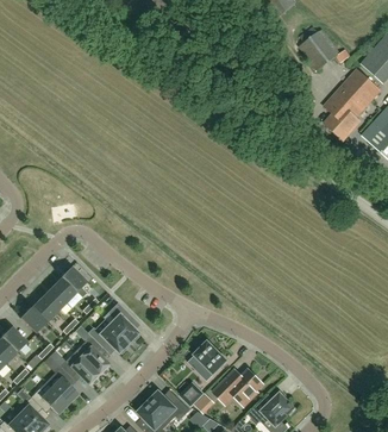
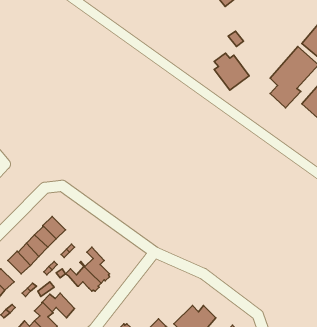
building: [300,26,340,69] -> [214,53,249,90]
building: [81,334,108,372] -> none
building: [194,340,227,380] -> none

